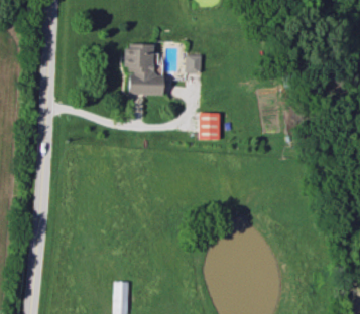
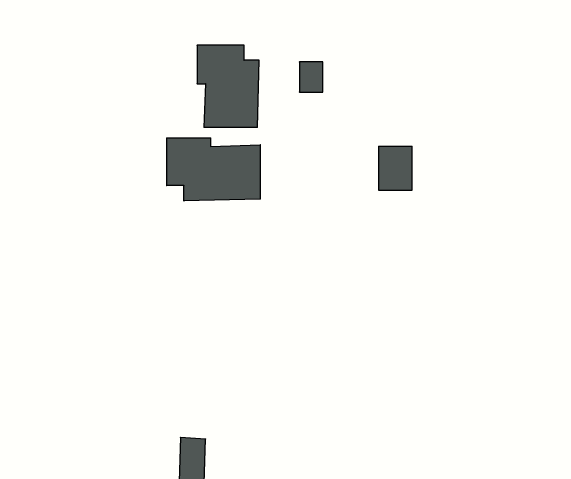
building: none -> [167,138,260,201]
building: [199,113,219,139] -> [379,146,412,190]

